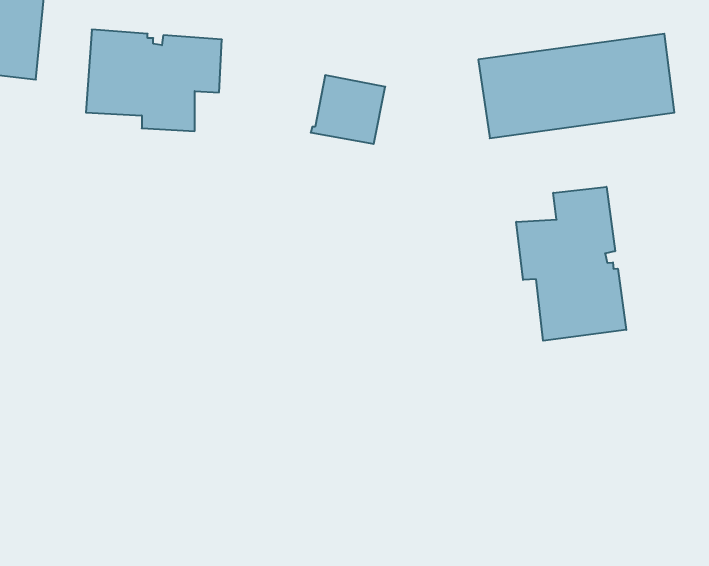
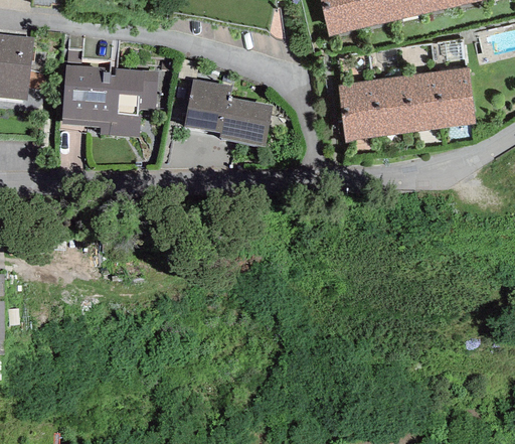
building: none -> [183,78,231,133]
building: [516,187,626,341] -> none

